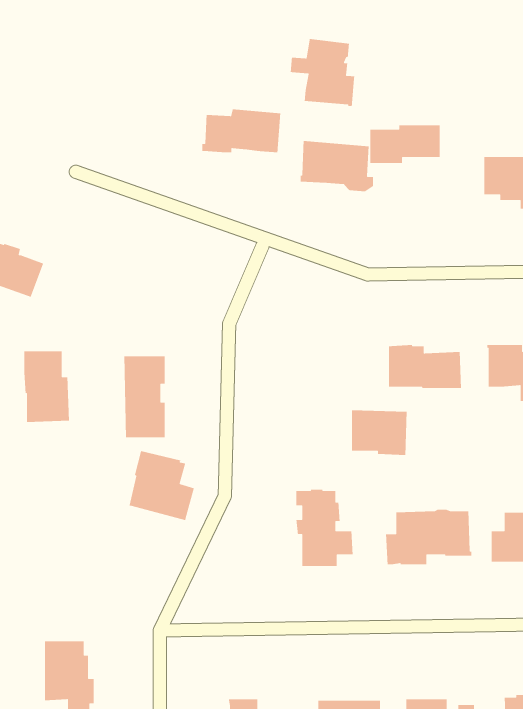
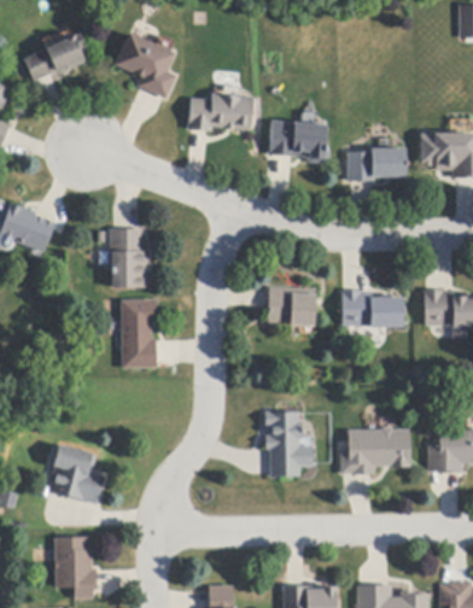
building: none -> [115,31,176,98]
building: none -> [24,33,87,80]
building: [290,38,355,107] -> none
building: [370,125,441,164] -> [348,148,407,181]
building: [23,350,70,423] -> [111,228,150,288]
building: [351,410,408,456] -> [269,287,316,326]
building: [128,450,195,521] -> [49,444,105,503]

